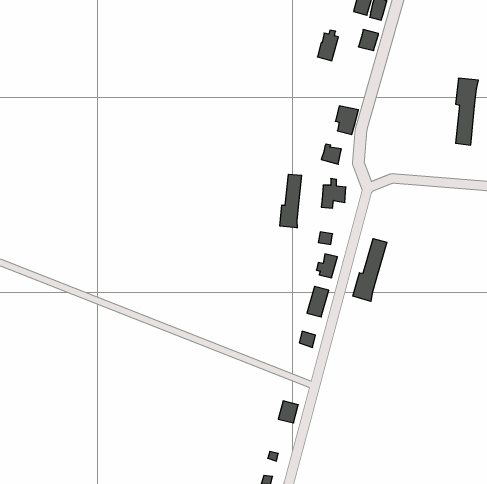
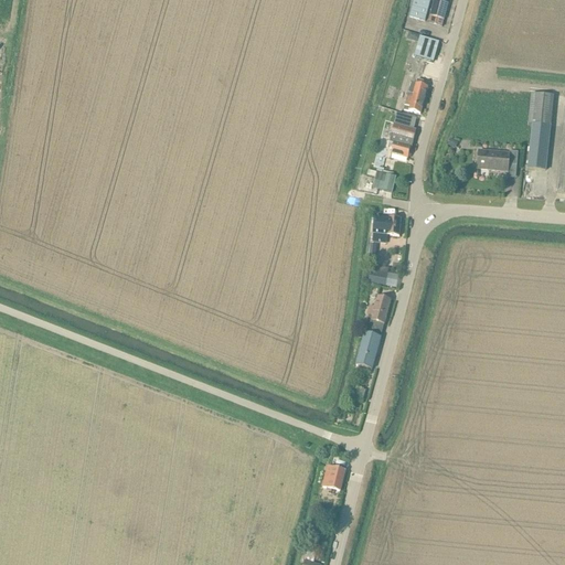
building: [317,30,338,61] -> [403,76,427,111]
building: none -> [478,148,518,169]
building: [280,174,302,228] -> none
building: [353,239,387,301] -> none

